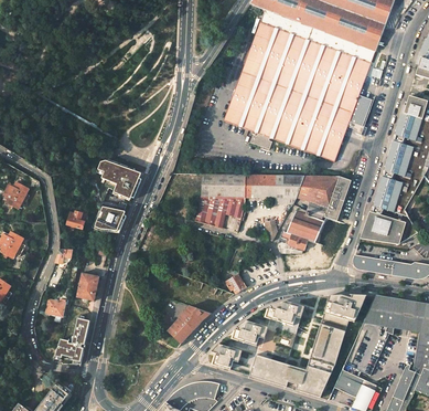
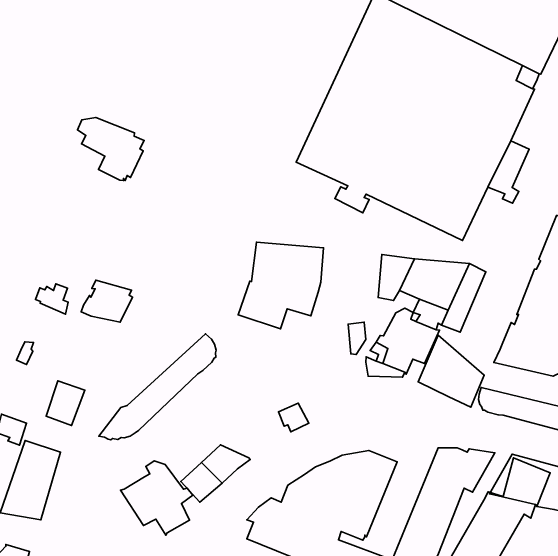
building: [97,160,140,199] -> [78,117,144,181]
building: [245,173,282,202] -> none
building: none -> [418,335,484,407]
building: none -> [99,334,216,440]
building: none -> [120,461,193,535]

